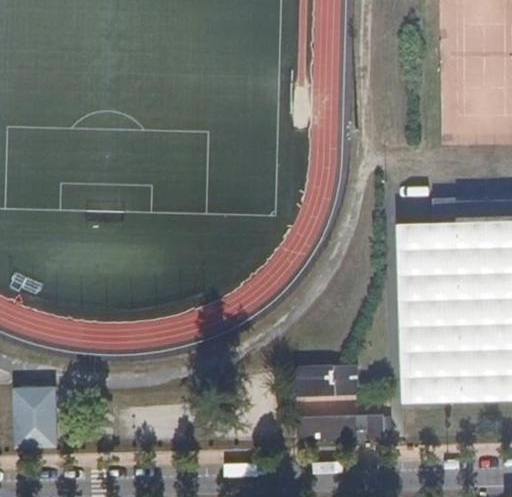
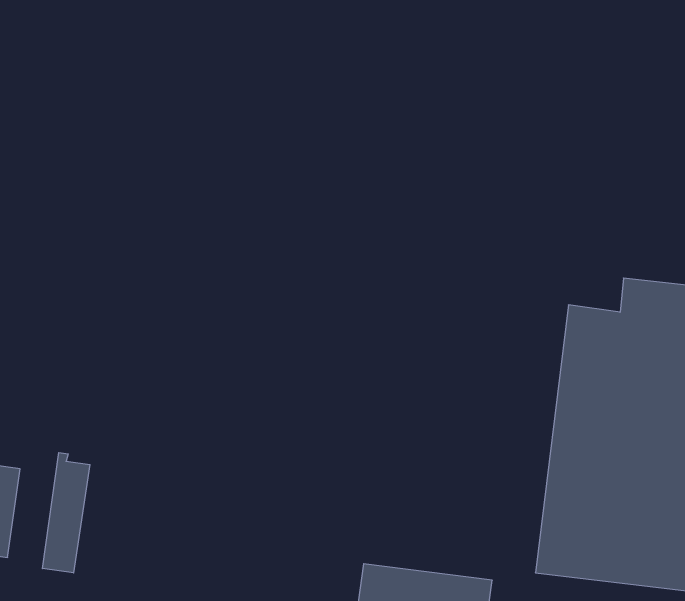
building: [293,366,352,396] -> none
building: none -> [42,453,90,573]

